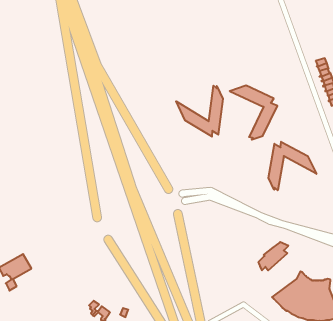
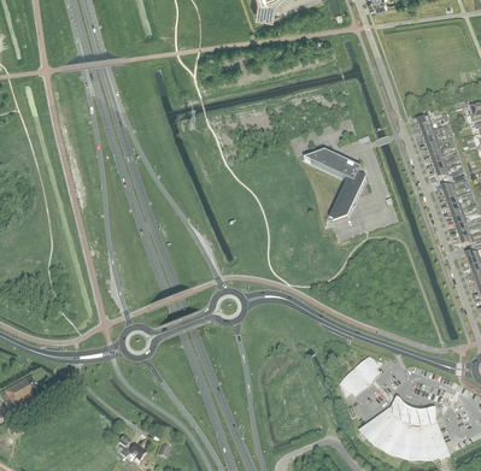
building: [176,86,223,137] -> none
building: [268,142,316,190] -> none

